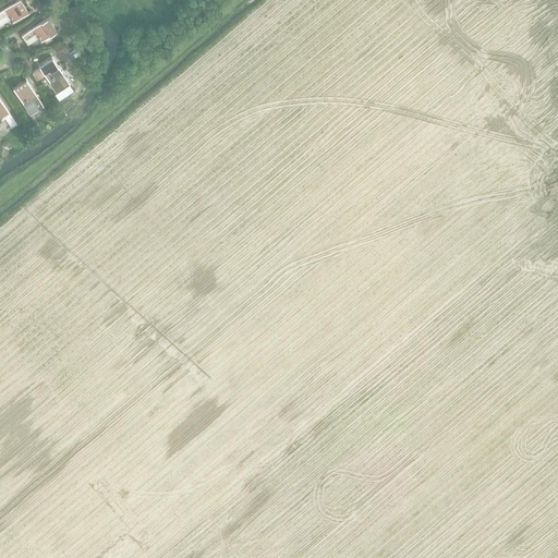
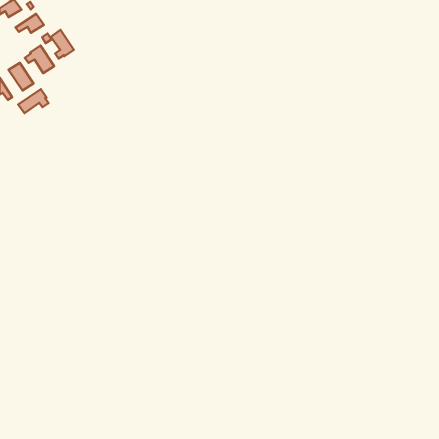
building: none -> [51,30,74,59]
building: none -> [18,89,48,113]

